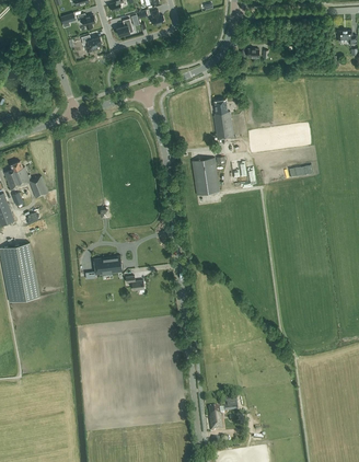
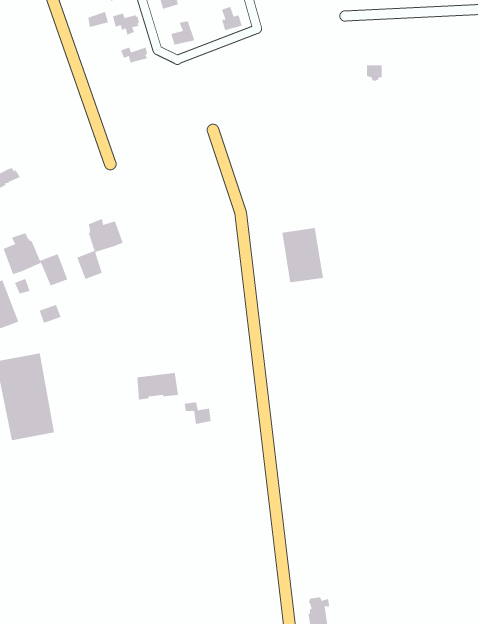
building: [215,99,234,139] -> none
building: none -> [77,218,124,280]

